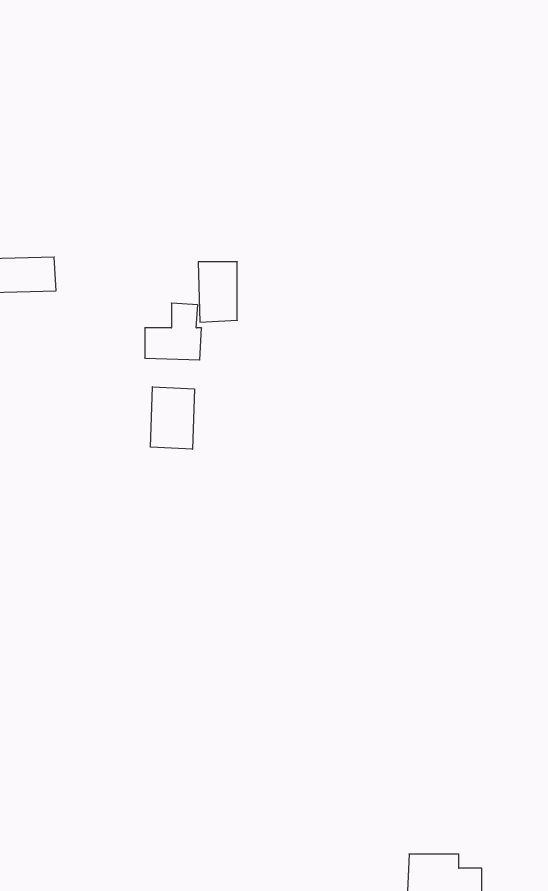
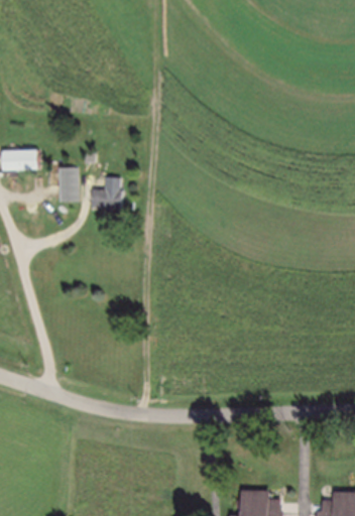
building: [198,262,237,322] -> [56,168,79,203]
building: [150,387,194,449] -> none

